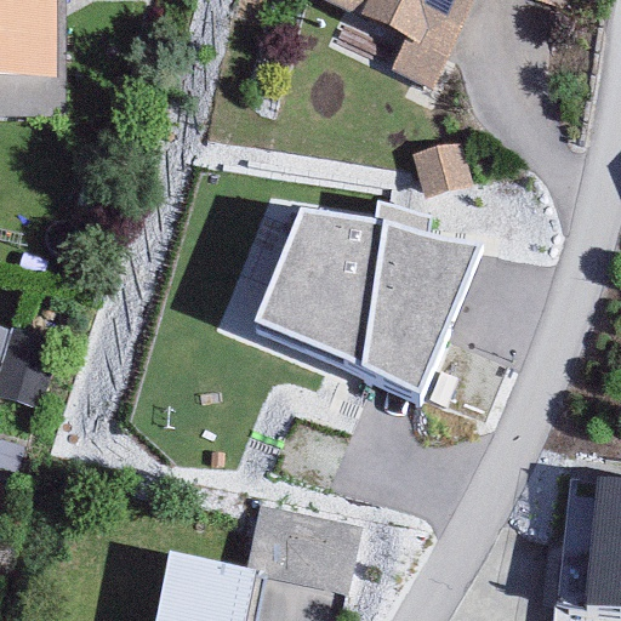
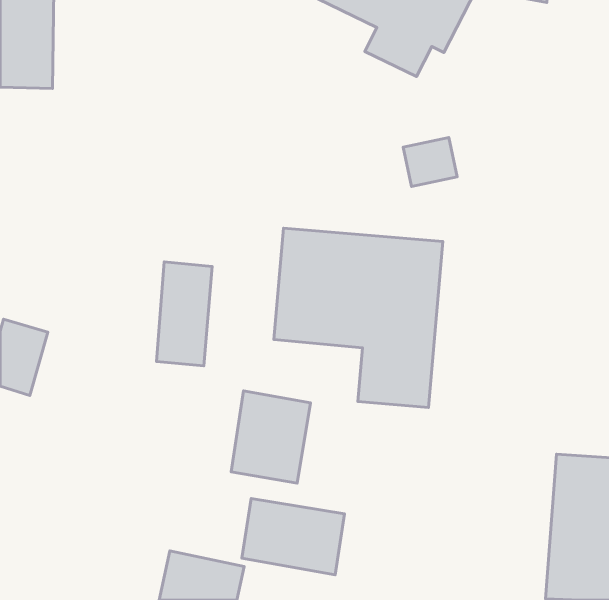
building: none -> [157,262,212,366]
building: none -> [231,391,311,483]

